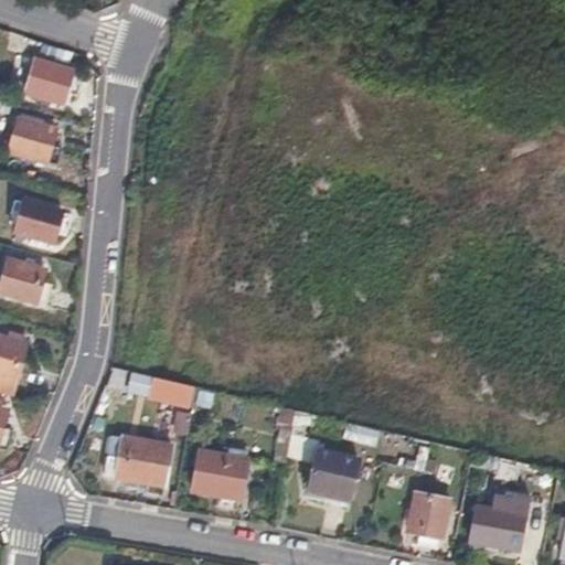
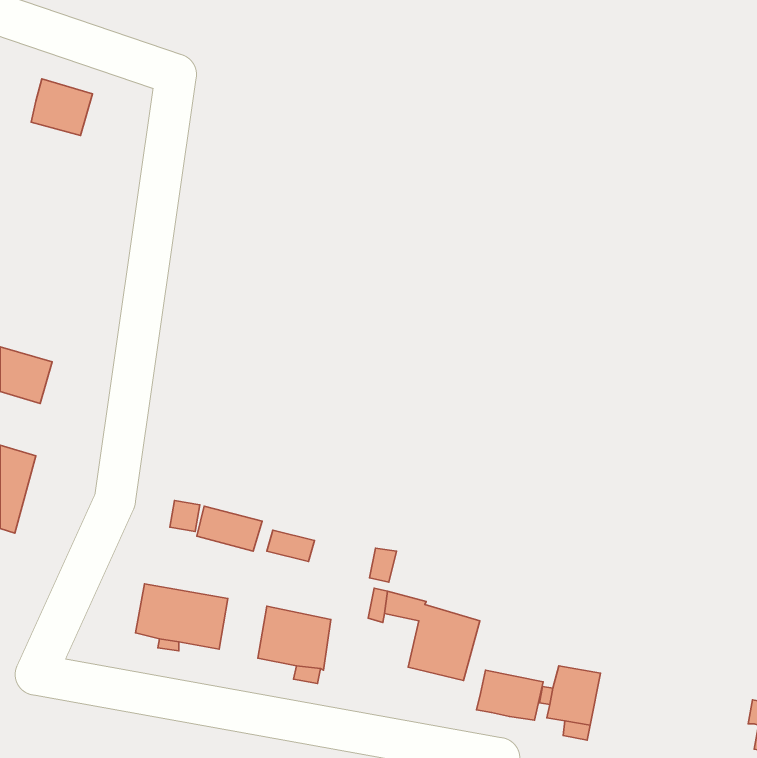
building: [9,119,55,160] -> none
building: [11,200,58,246] -> none
building: [471,497,524,550] -> none
building: none -> [476,670,543,720]

